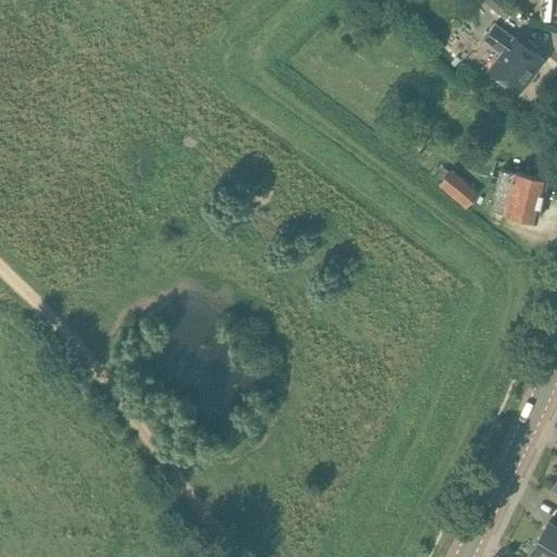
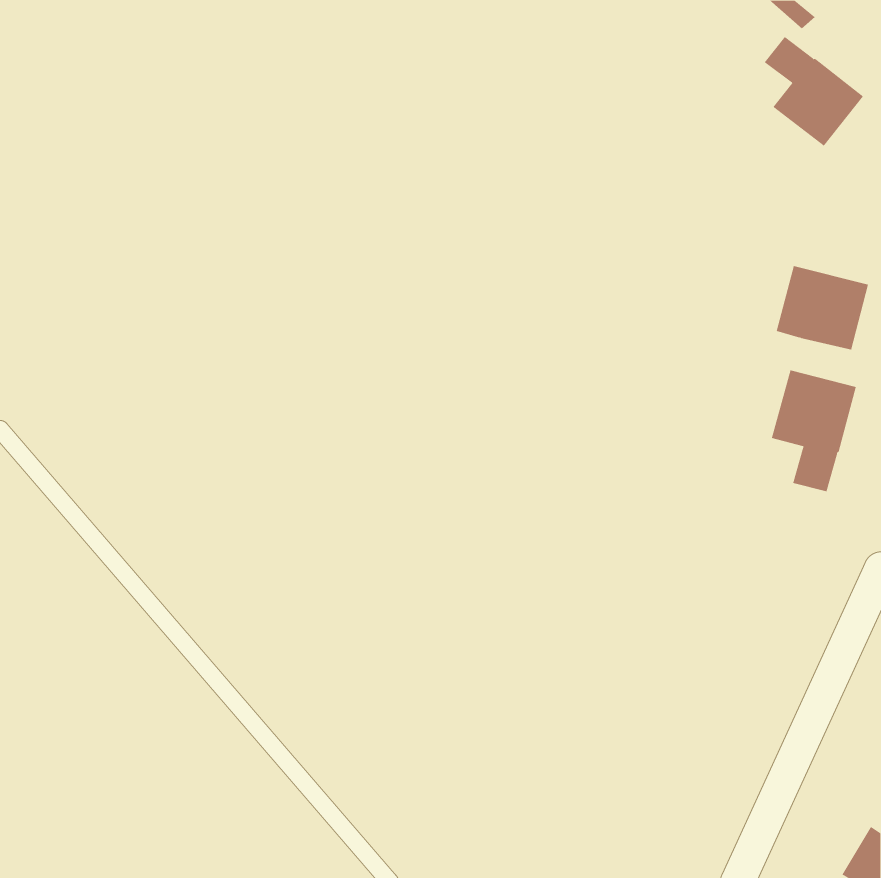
building: [440,172,479,208] -> none
building: none -> [771,369,856,492]

